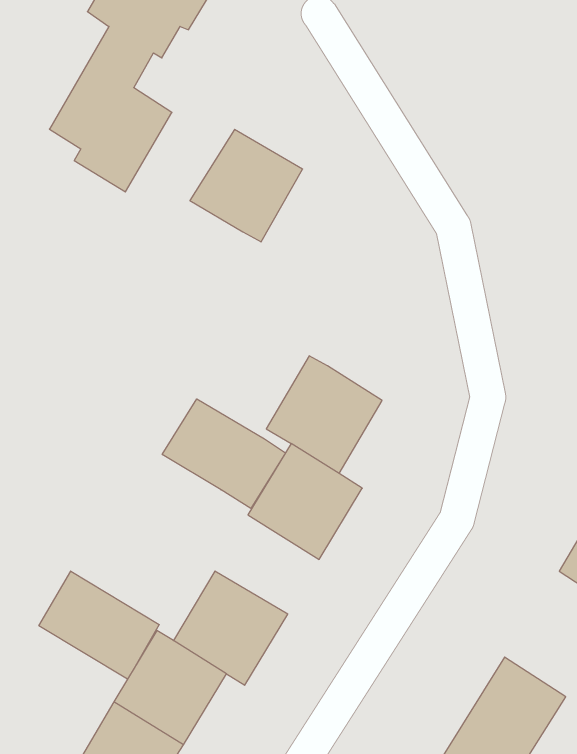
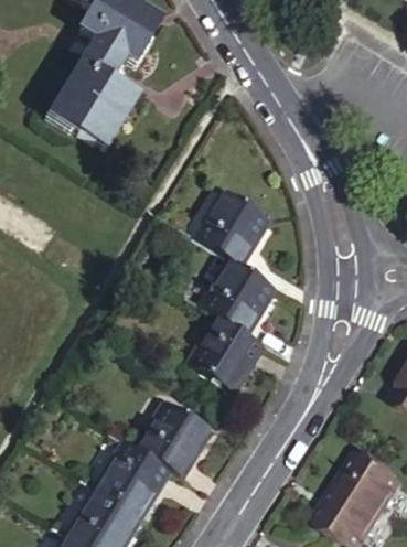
building: [190,129,303,242] -> [192,187,267,262]
building: [162,399,286,508] -> none
building: [39,571,159,679] -> none

